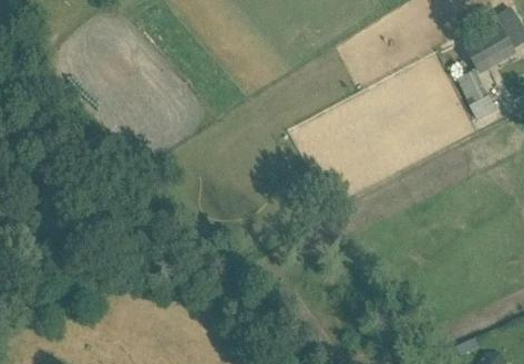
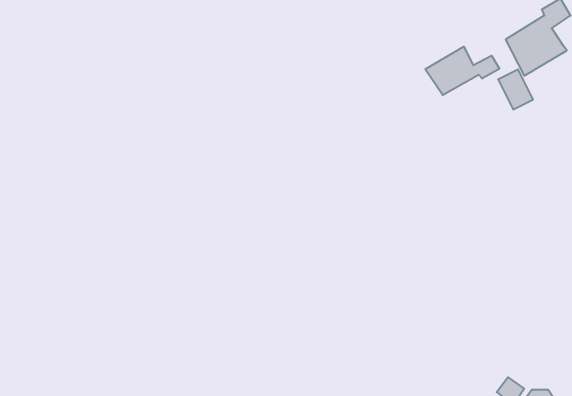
building: none -> [425,47,499,95]

